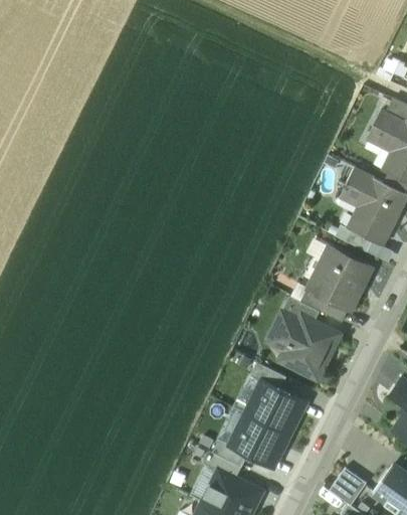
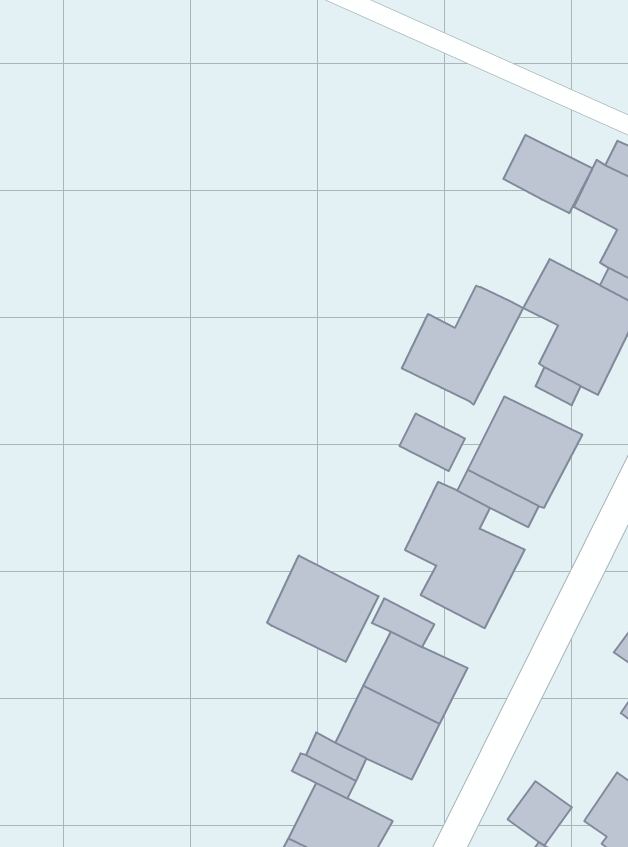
building: none -> [503,135,592,213]
building: none -> [402,286,523,405]
building: none -> [400,413,465,471]
building: none -> [267,555,379,662]

